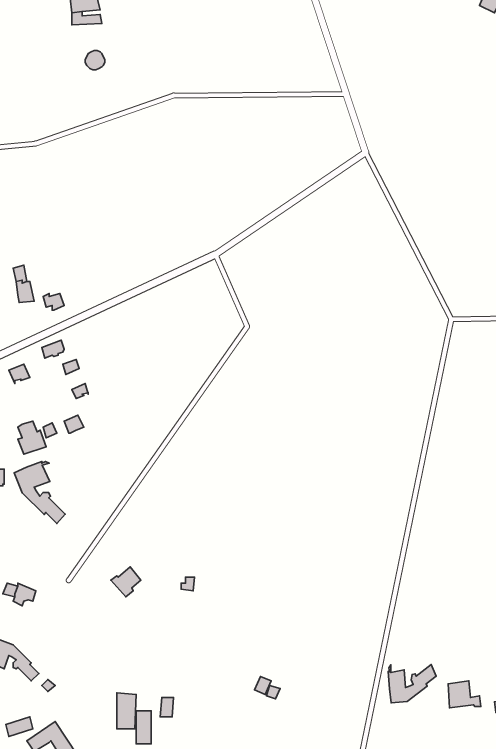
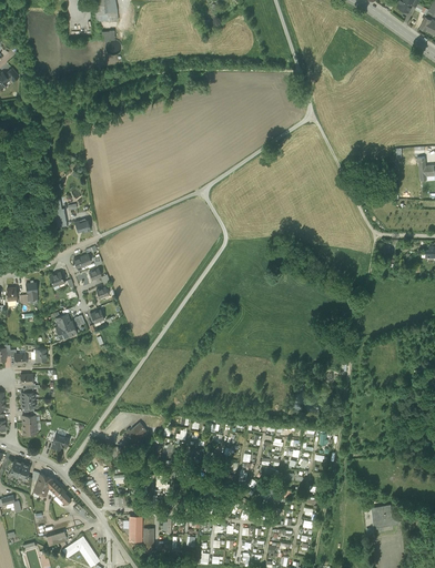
building: [14,461,65,523] -> none
building: [388,665,436,703] -> none

